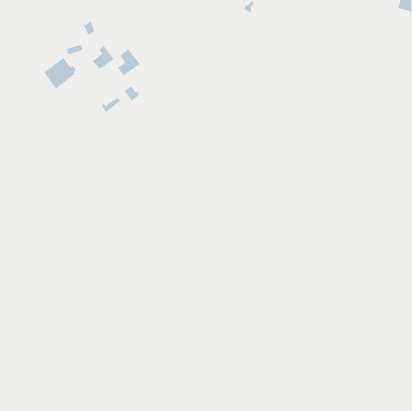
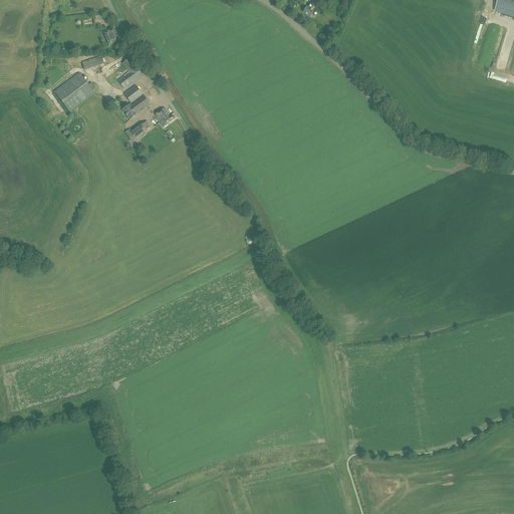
building: [117,48,141,77] -> [121,84,151,119]

